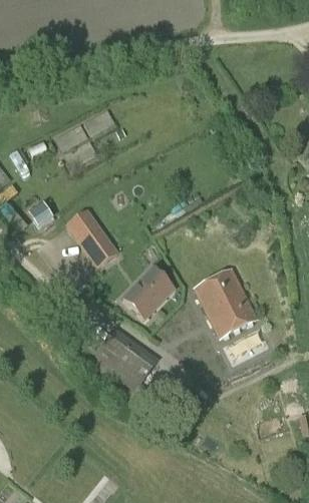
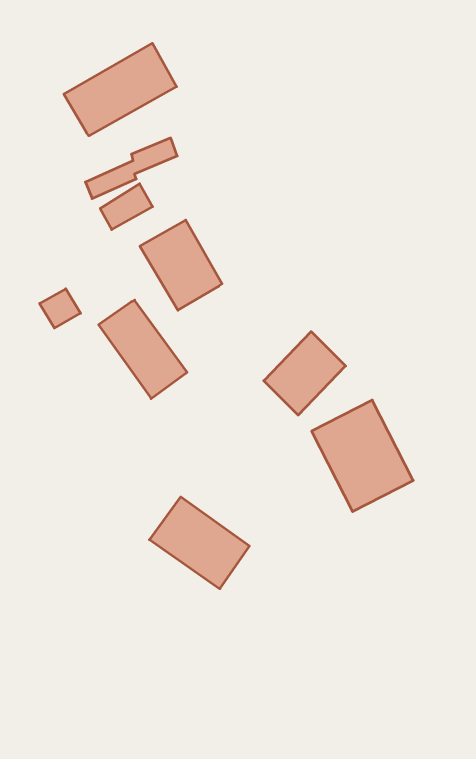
building: none -> [64,43,177,136]
building: none -> [140,220,222,310]
building: [123,267,174,318] -> [264,332,346,415]

